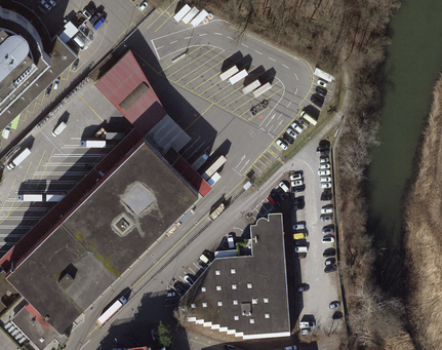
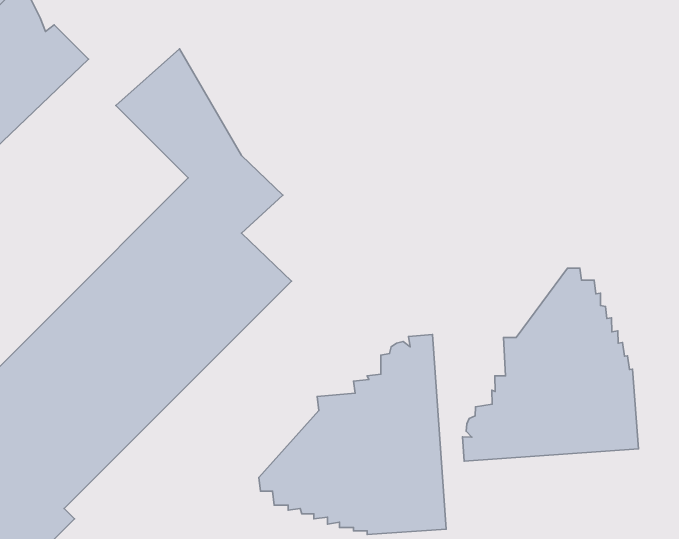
building: none -> [462,268,638,461]

